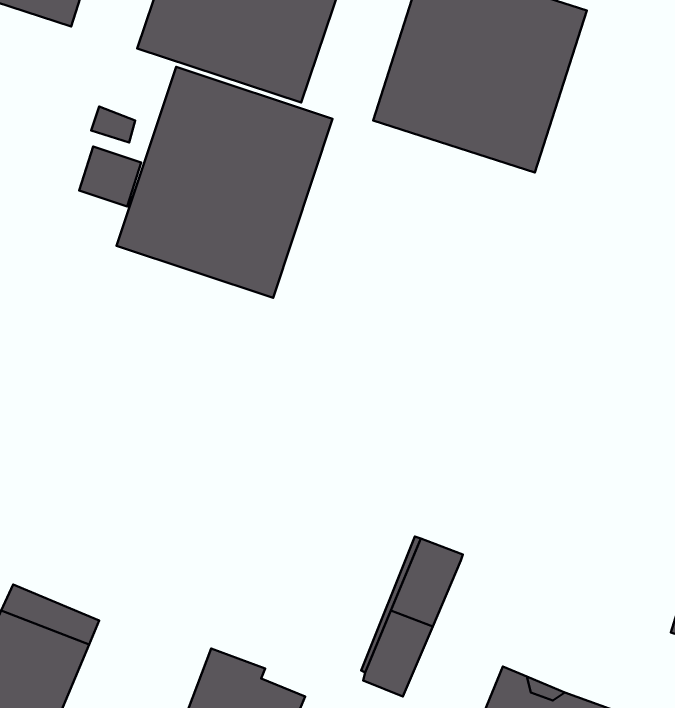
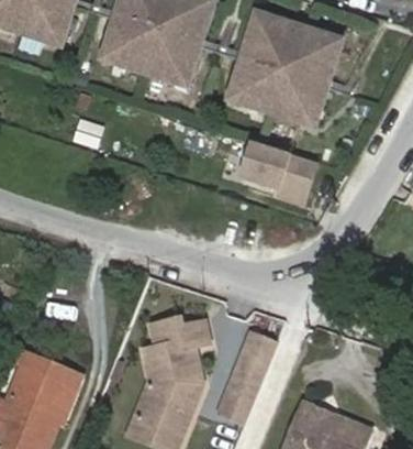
building: [117,67,333,298] -> none
building: none -> [243,140,314,197]
building: none -> [137,309,212,416]

